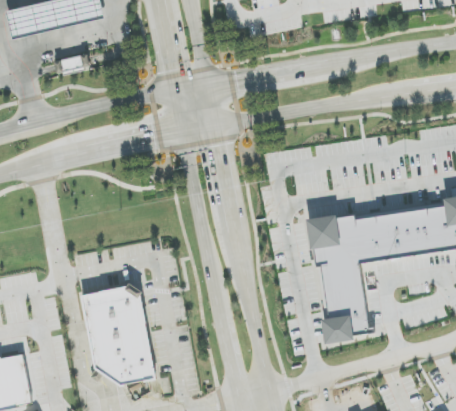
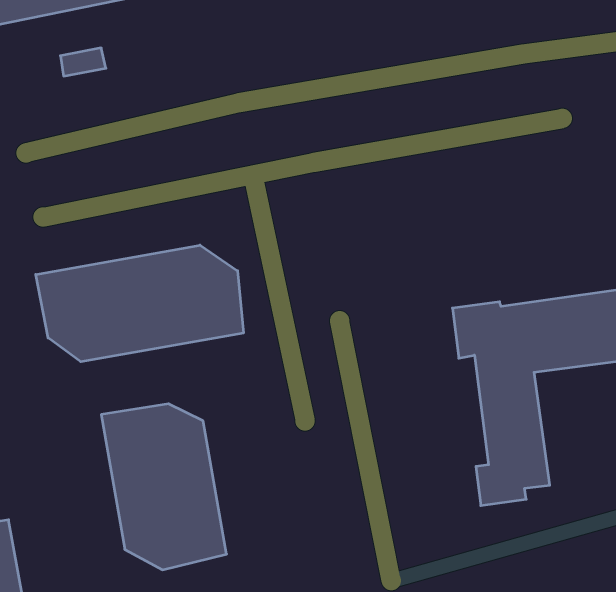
building: none -> [36,245,243,362]

